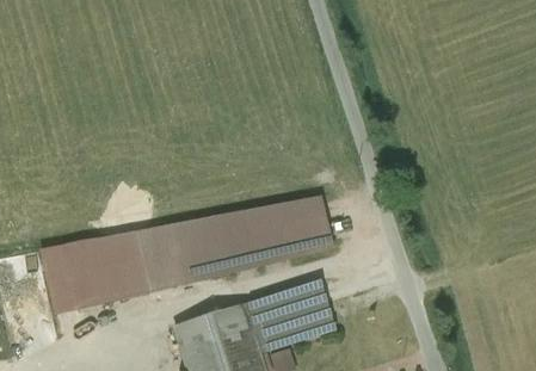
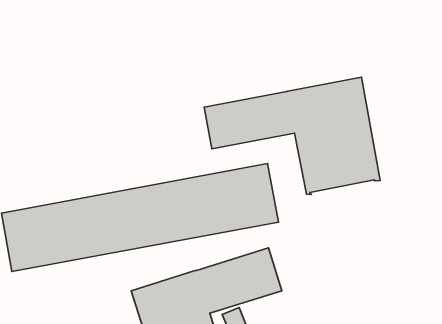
building: none -> [204,77,380,194]

